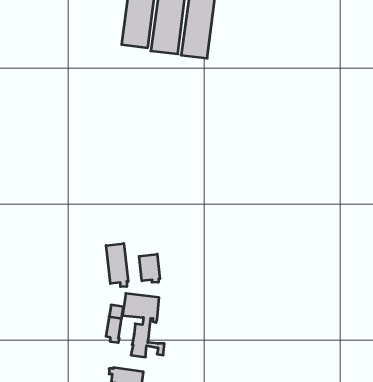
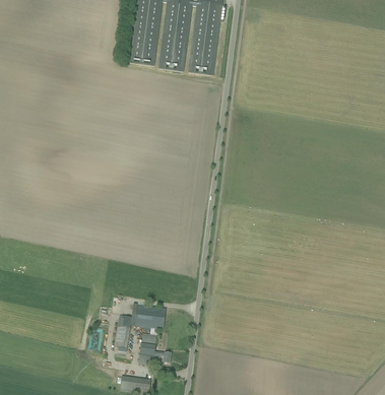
building: [106,243,128,287] -> none
building: [139,254,160,282] -> none

